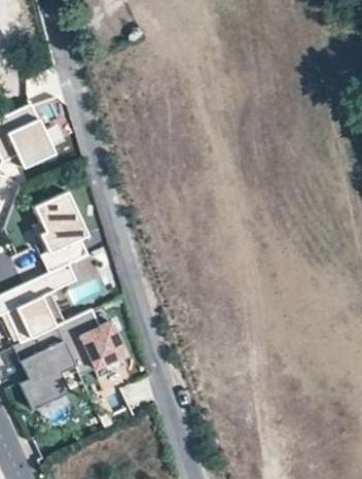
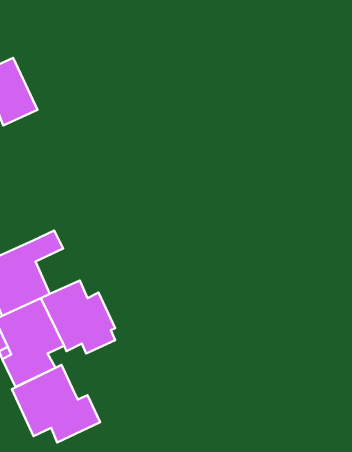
building: [35,192,90,273] -> none
building: none -> [12,365,100,443]

